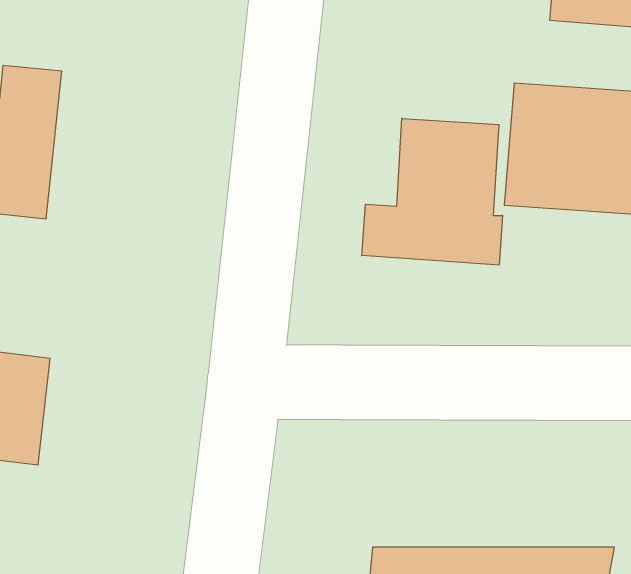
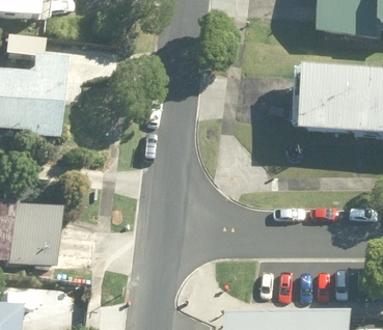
building: [362,118,503,265] -> none

